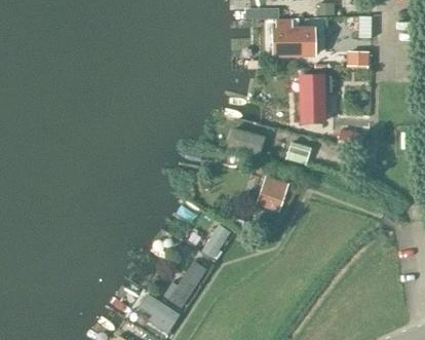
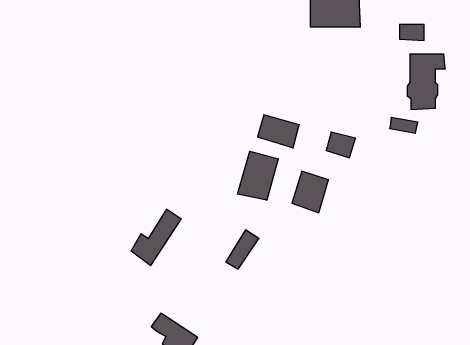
building: [300,76,332,122] -> [407,54,445,109]
building: none -> [238,151,278,200]
building: [164,261,206,308] -> [131,209,181,266]

